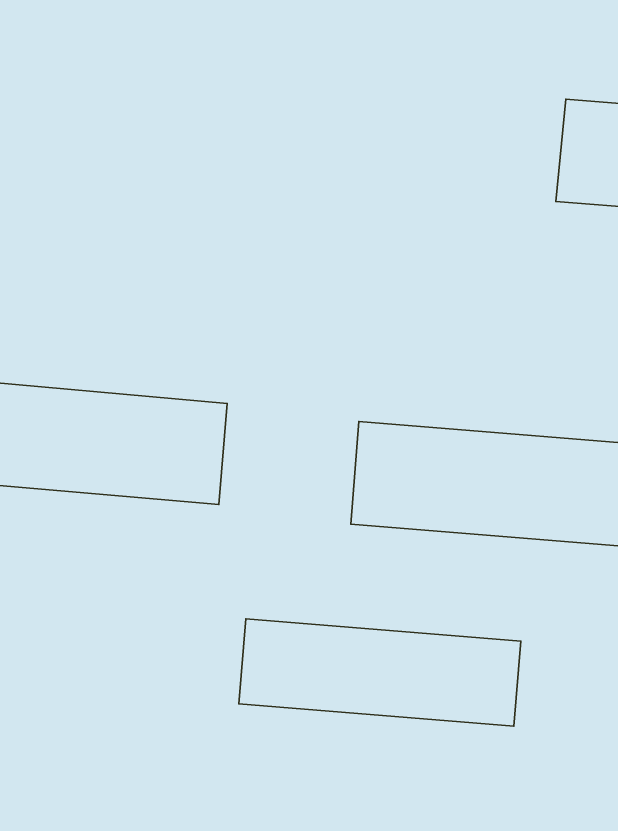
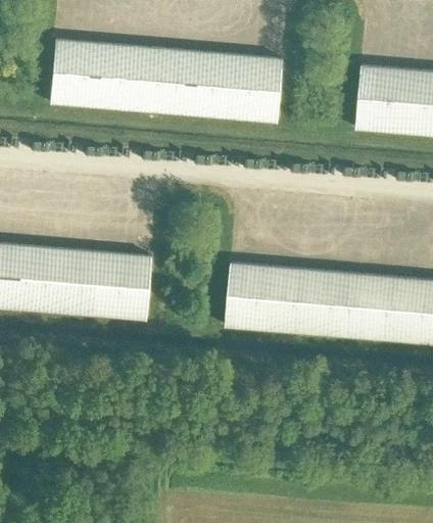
building: none -> [52,40,284,123]
building: [239,619,521,726] -> none

